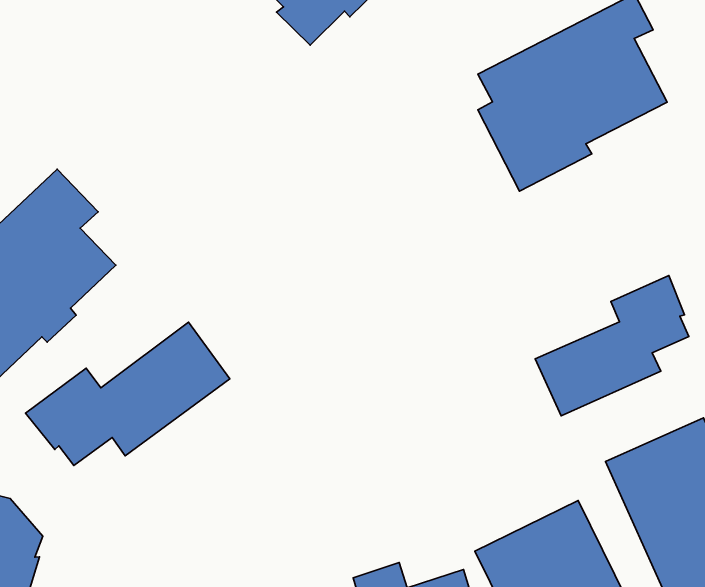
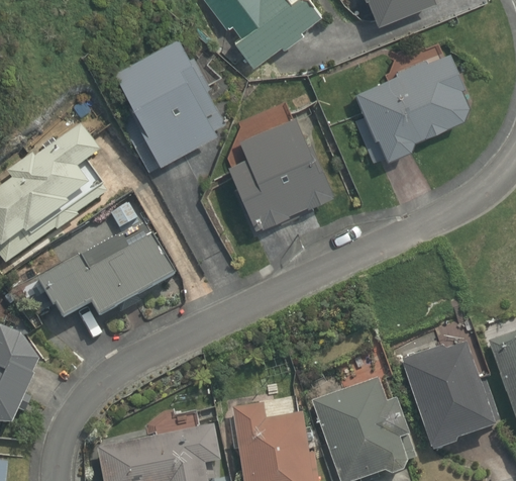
building: none -> [107,30,219,163]
building: none -> [229,113,342,230]
building: [535,276,689,416] -> none

